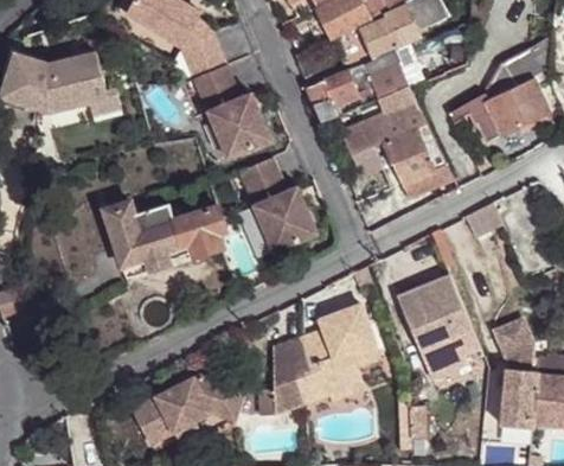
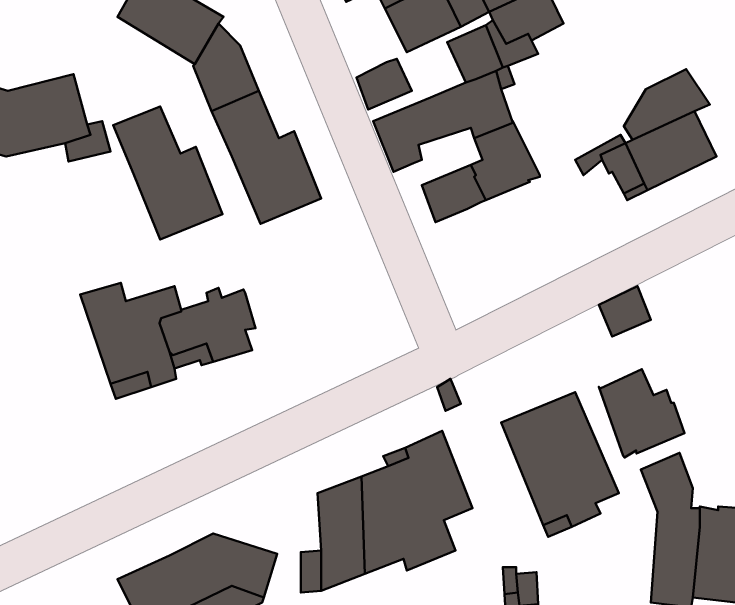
building: [385,129,453,199] -> none
building: [239,159,316,253] -> [113,106,223,239]
building: none -> [599,369,685,457]

